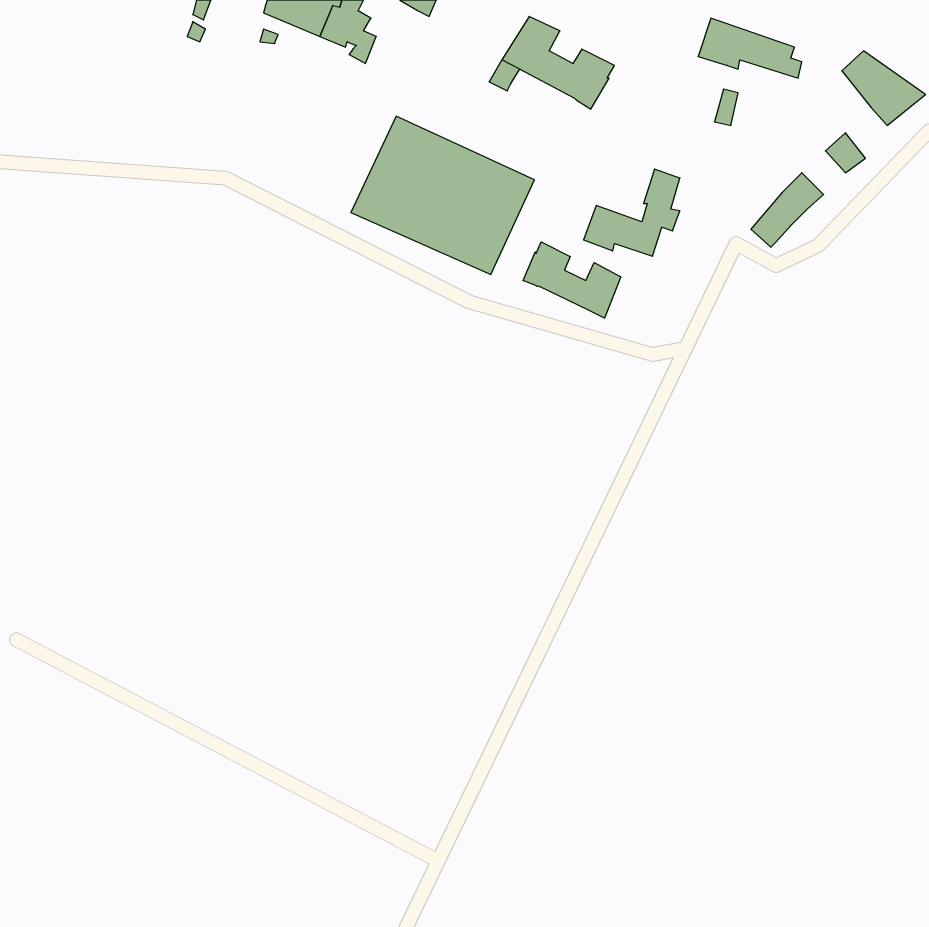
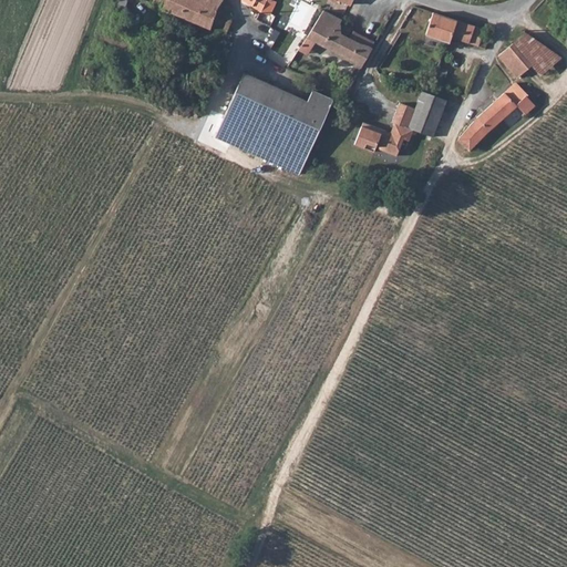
building: none -> [498,44,530,80]
building: none -> [409,91,446,137]
building: none -> [488,93,536,120]
building: [523,242,621,318] -> none

